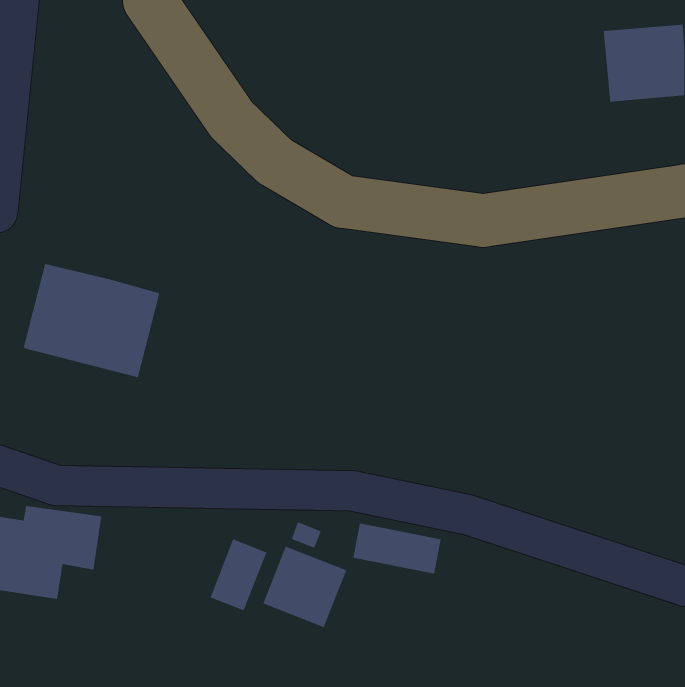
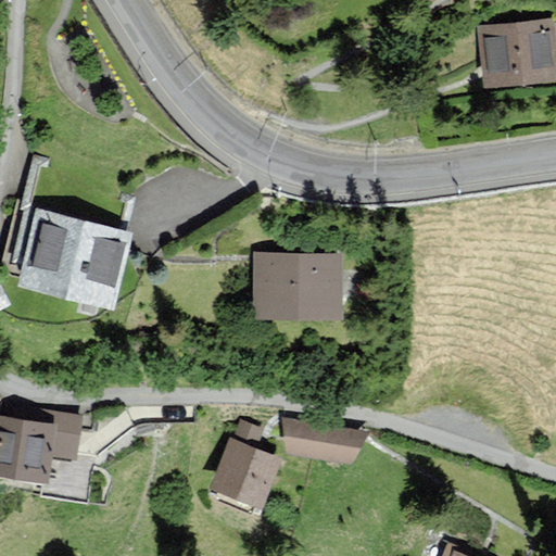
building: none -> [253,255,340,314]
building: [210,539,267,611] -> none

